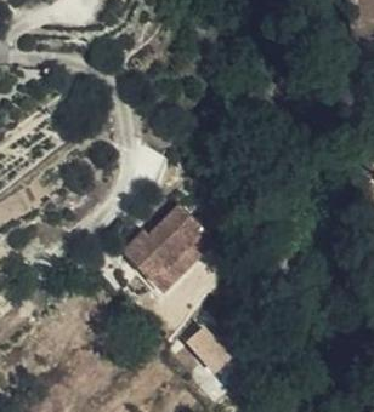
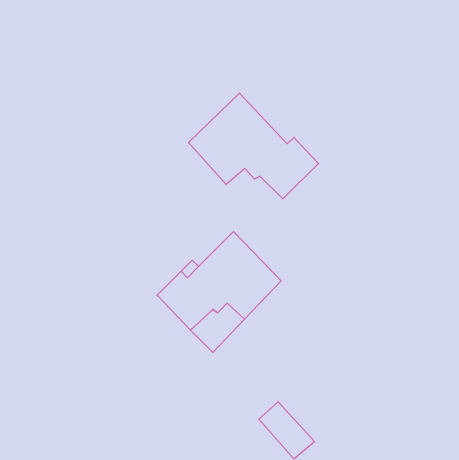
building: none -> [188,93,319,199]

